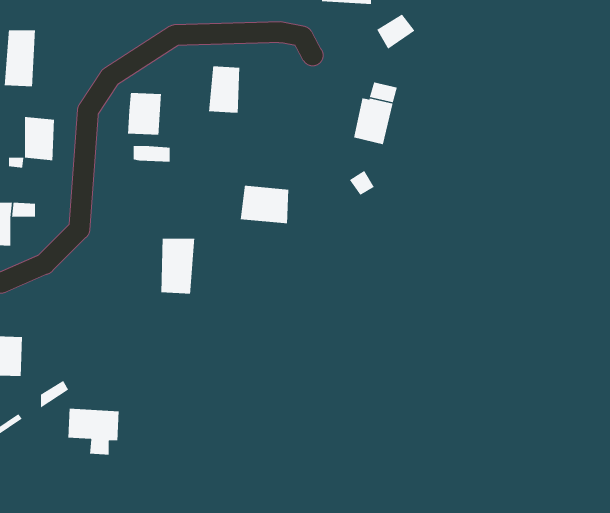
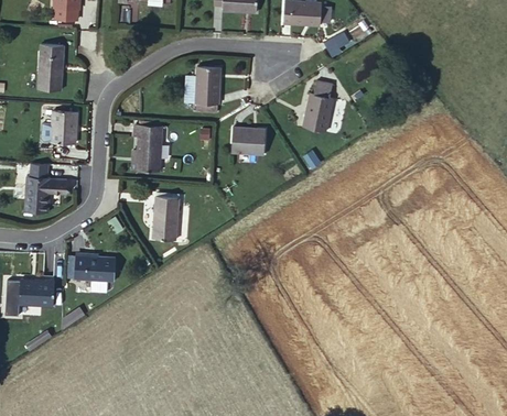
building: [127,92,162,136] -> [139,142,165,175]
building: [240,185,289,224] -> [229,125,267,155]
building: [67,408,120,456] -> [77,259,117,295]

